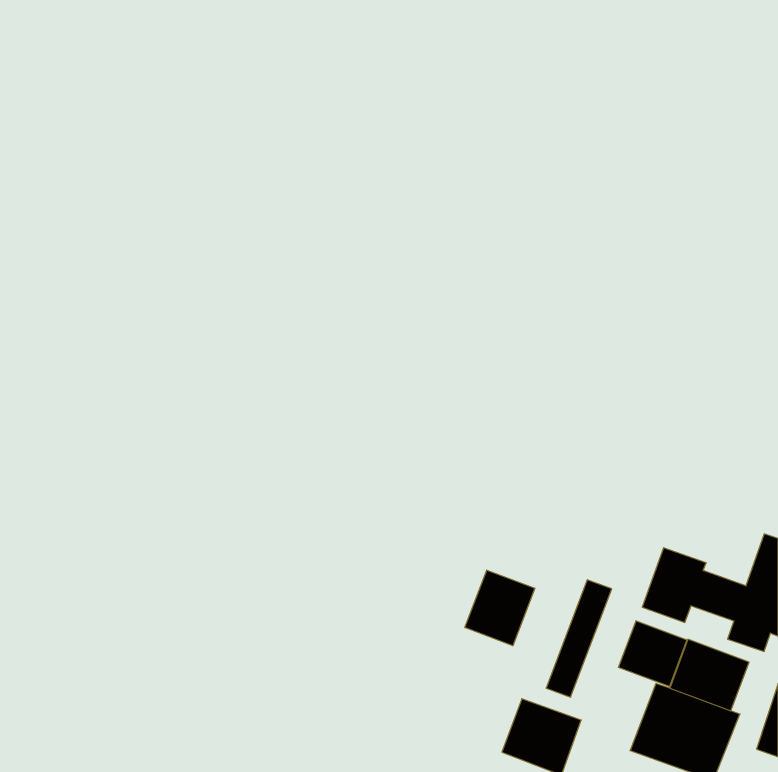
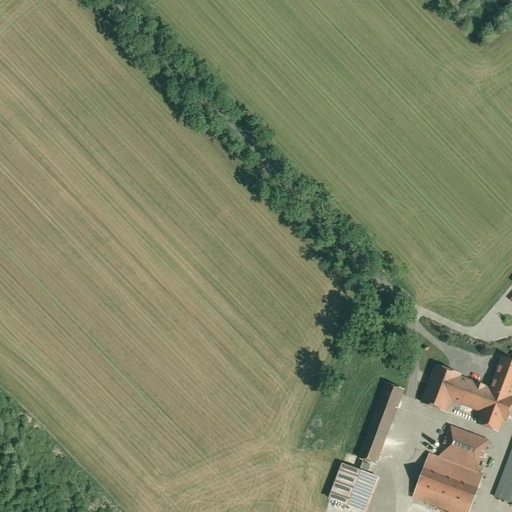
building: [465,570,535,646] -> none
building: [619,621,687,686] -> none

